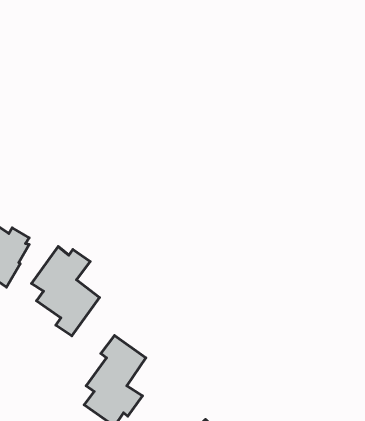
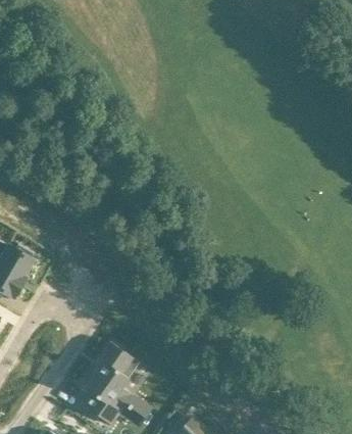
building: [31,247,99,336] -> none

